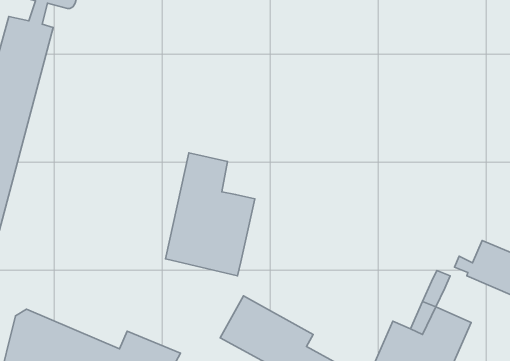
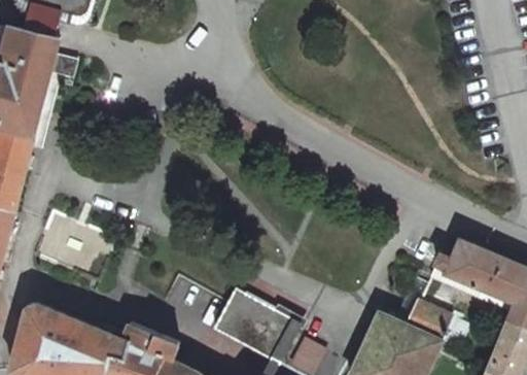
building: [165,153,255,276] -> none

